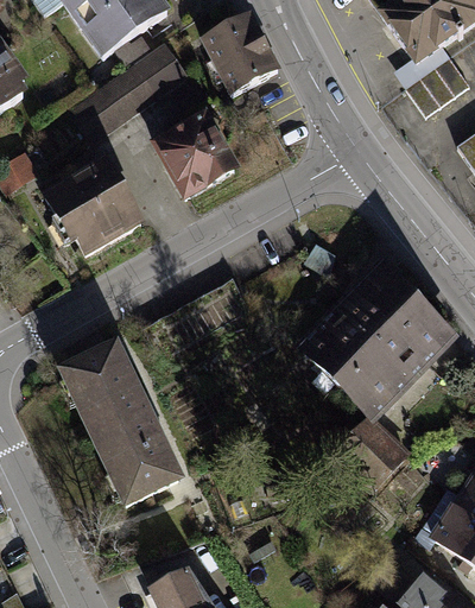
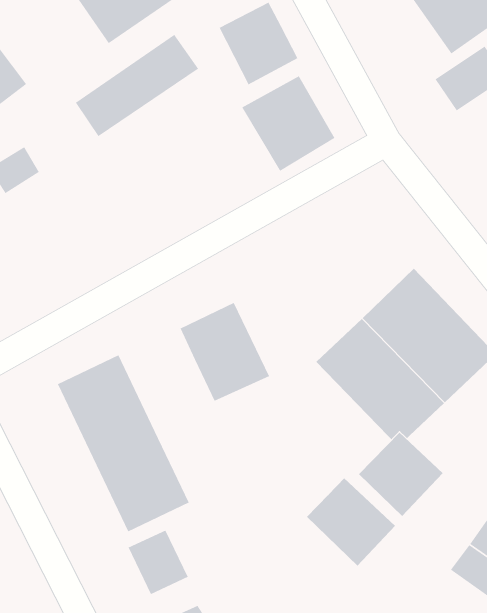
building: [151,107,238,196] -> [241,75,335,172]
building: [52,151,154,254] -> none
building: none -> [179,302,270,402]
building: none -> [306,477,396,566]
building: none -> [127,529,189,595]

